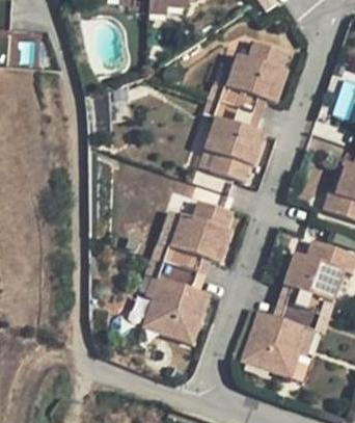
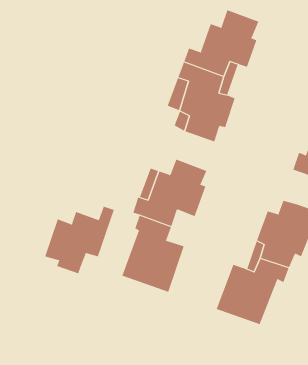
building: none -> [45,206,114,274]

